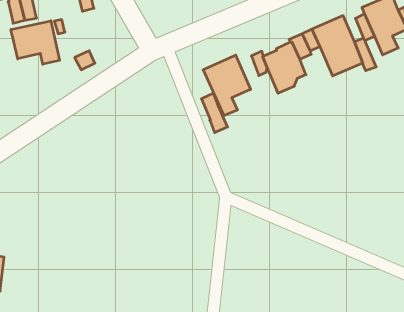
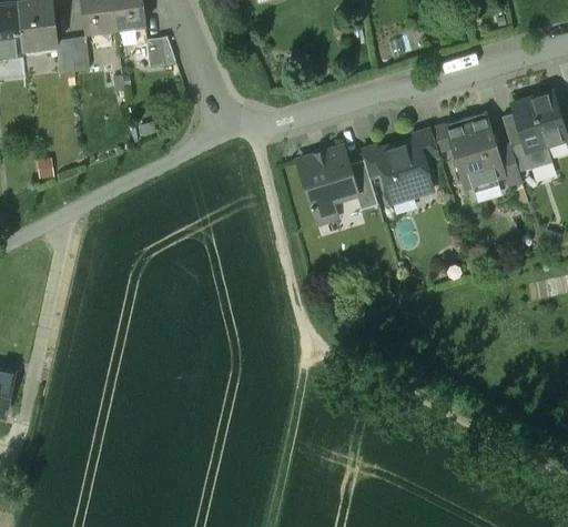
building: [11,21,60,64] -> none
building: [201,93,228,133] -> [347,160,377,211]

